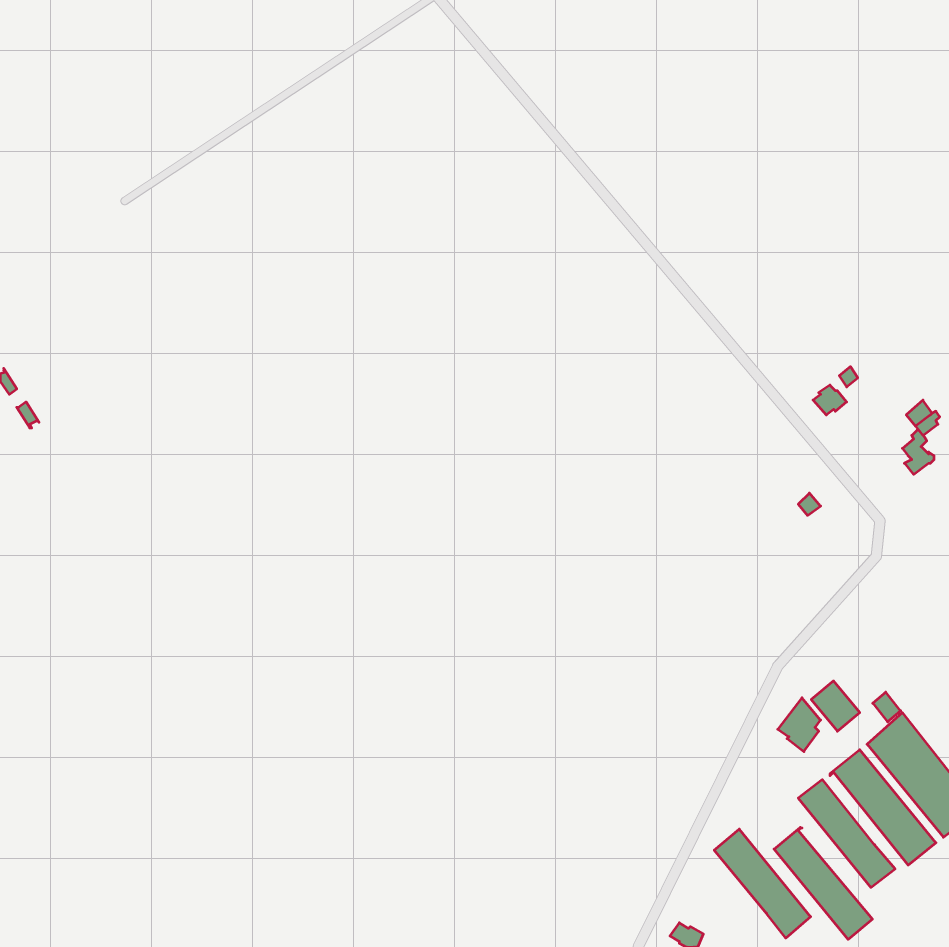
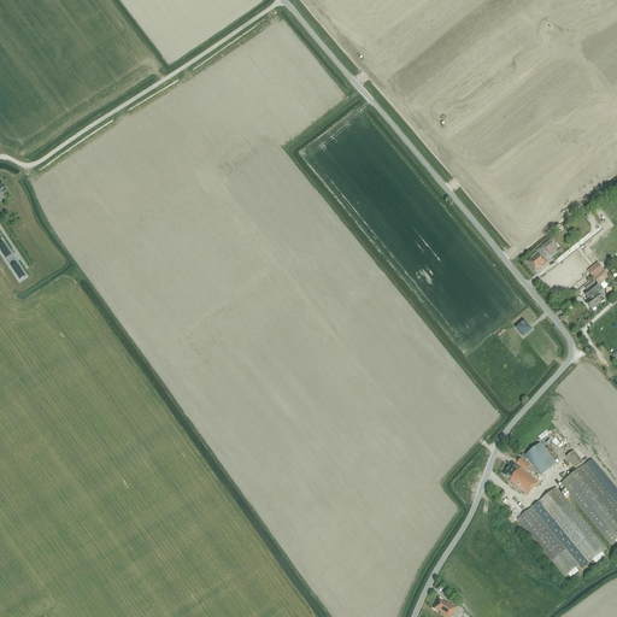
building: [774,827,872,939] -> none
building: [714,829,811,938] -> none

